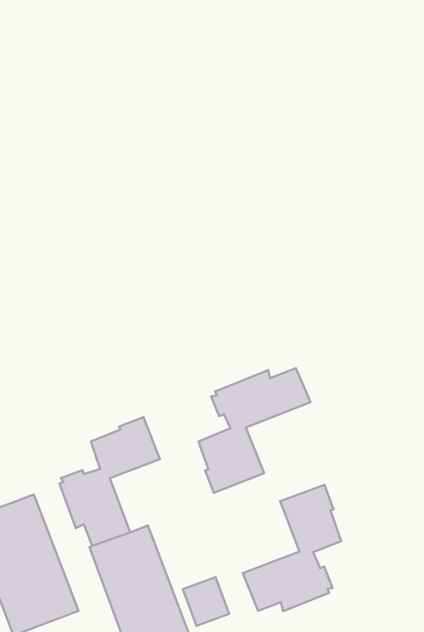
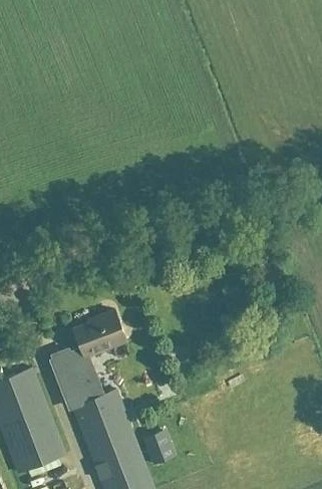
building: [199,368,311,493] -> none
building: [243,485,341,611] -> none

